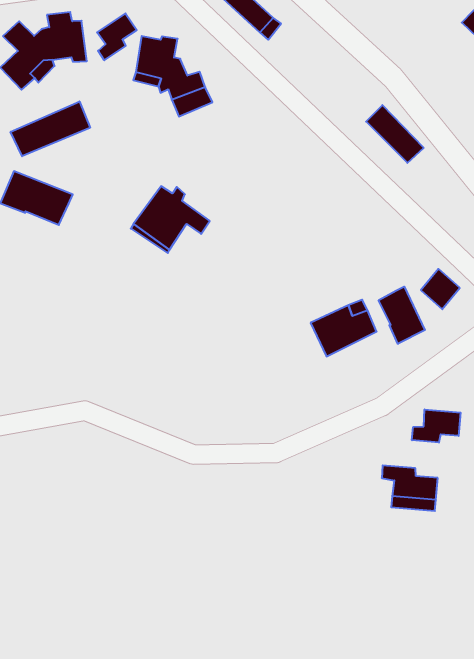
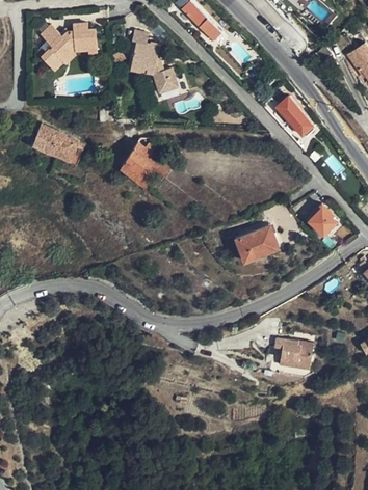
building: [97,13,137,60] -> none
building: [11,101,90,156] -> none
building: [379,287,425,344] -> none
building: [412,409,461,443] -> none

